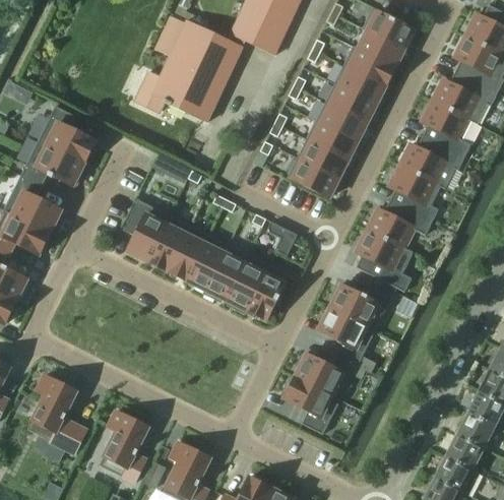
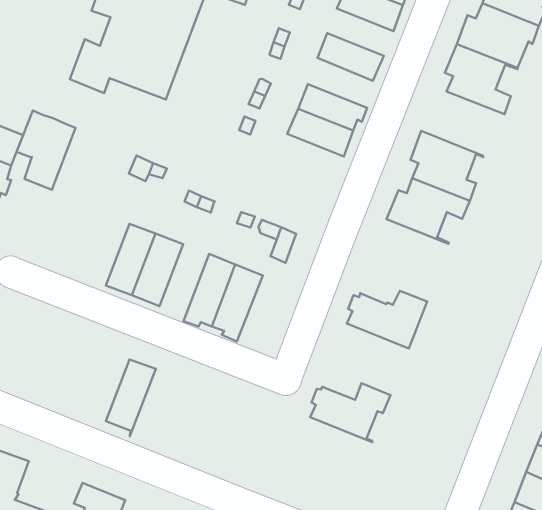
building: [334,65,385,105] -> none
building: [316,102,366,143] -> none
building: [399,136,464,188] -> none
building: [288,158,338,198] -> none
building: [123,199,170,261] -> [17,110,76,190]
building: [356,230,413,292] -> none
building: [187,235,229,294] -> [106,359,156,436]
building: [244,264,289,320] -> none
building: [318,307,375,365] -> none
building: [284,376,340,434] -> none

